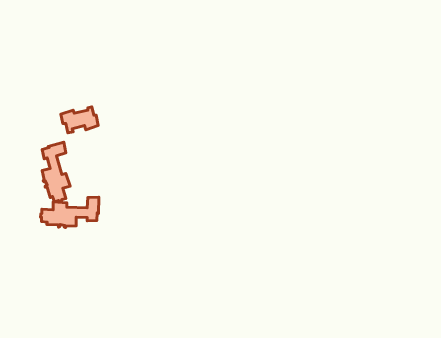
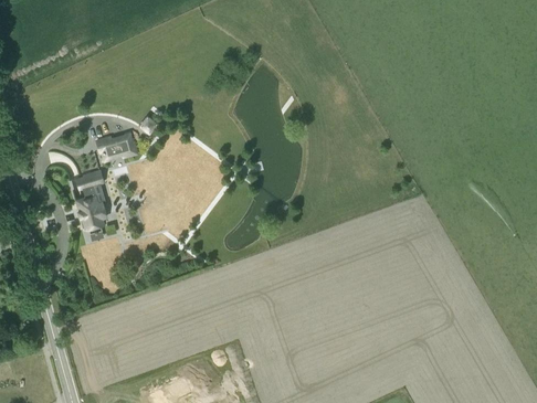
building: [40,197,99,227] -> none

